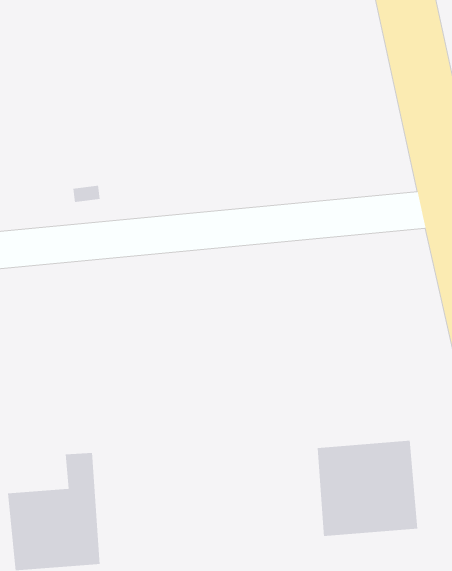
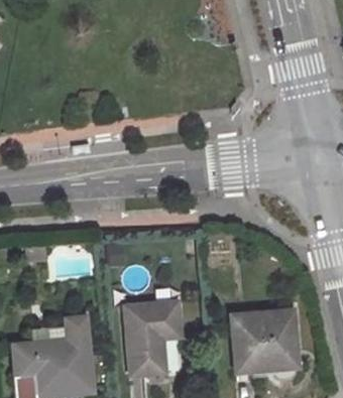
building: none -> [124,303,181,376]

